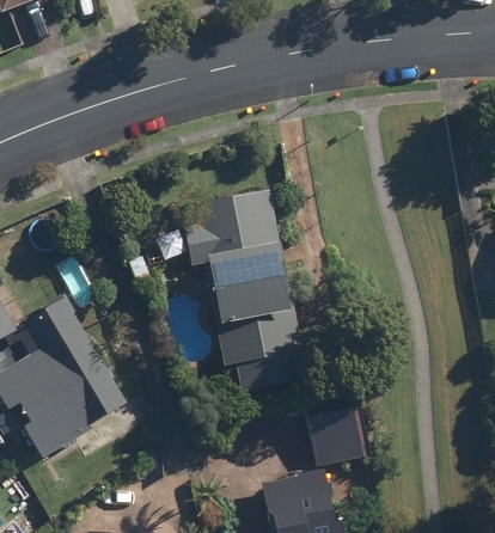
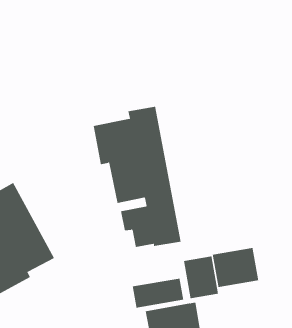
building: none -> [212,247,259,288]
building: none -> [132,278,184,308]

